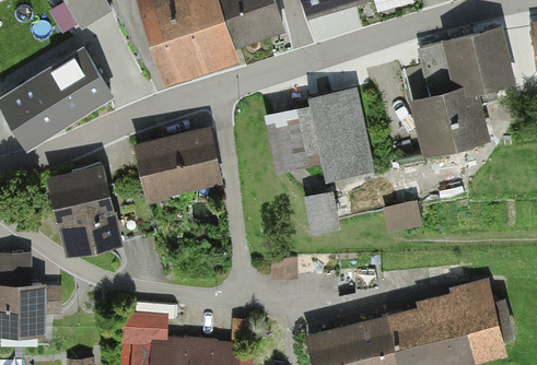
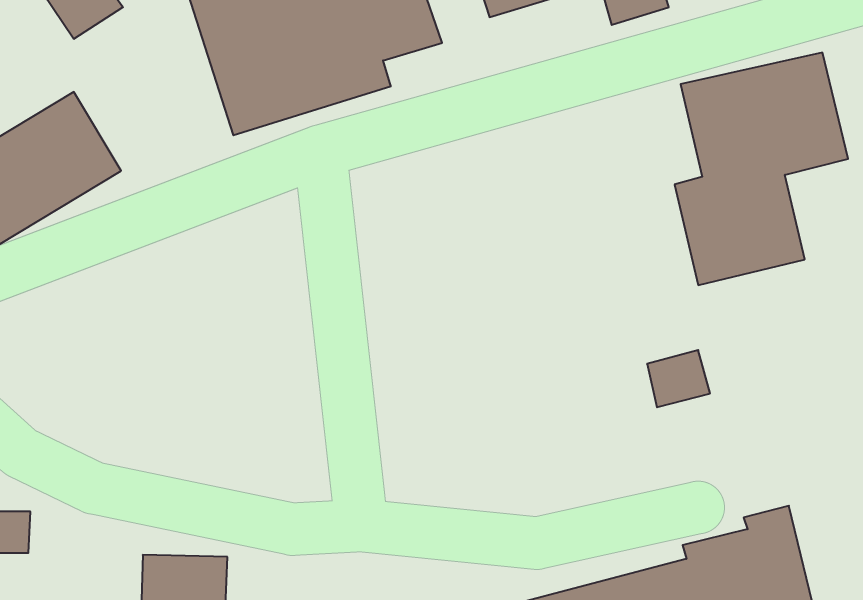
building: [273,93,383,229] -> none
building: [144,123,224,198] -> none
building: [46,167,114,252] -> none

